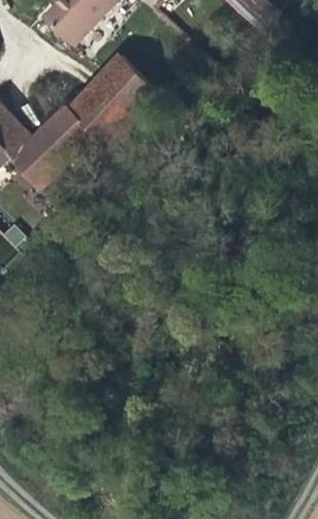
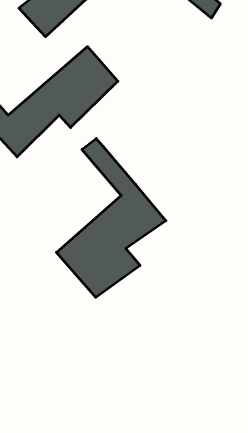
building: none -> [56,138,166,297]

